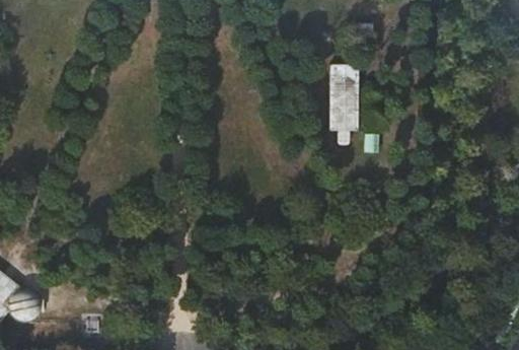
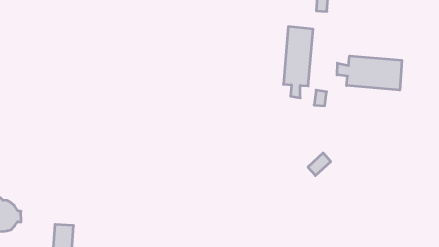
building: none -> [337,56,402,90]

